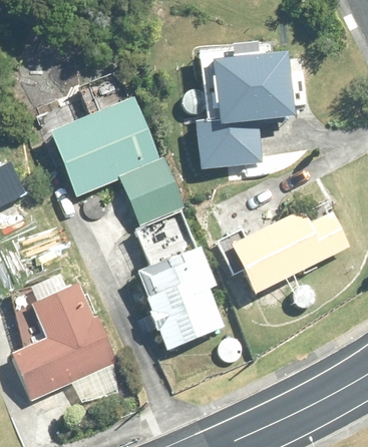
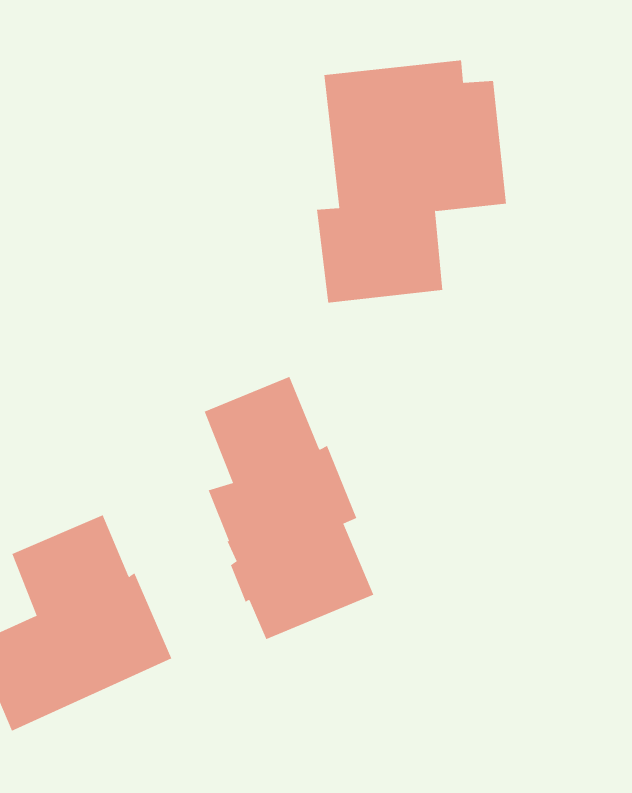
building: [50,95,180,225] -> none
building: [232,207,351,294] -> none

